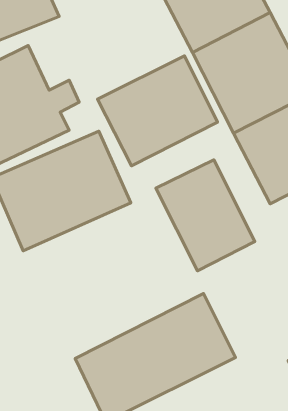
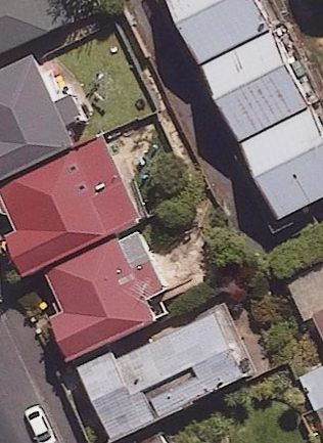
building: [98,56,218,166] -> none
building: [156,160,255,271] -> none
building: none -> [47,233,165,359]

